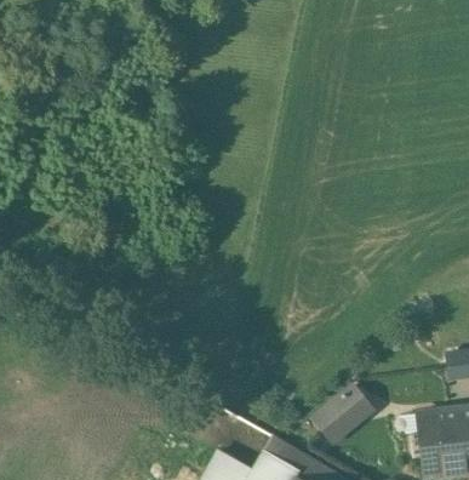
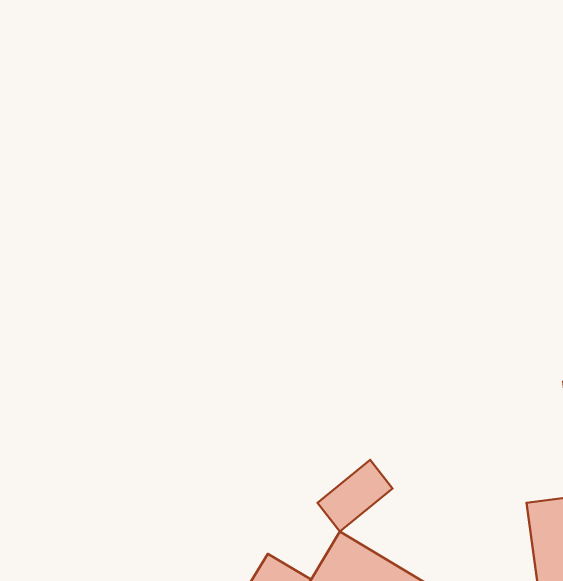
building: [314,387,371,441] -> [317,460,392,532]

